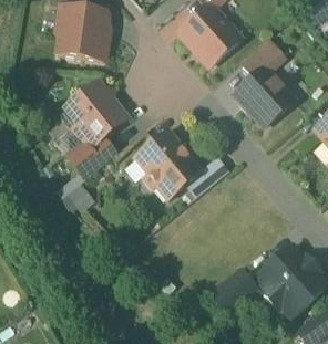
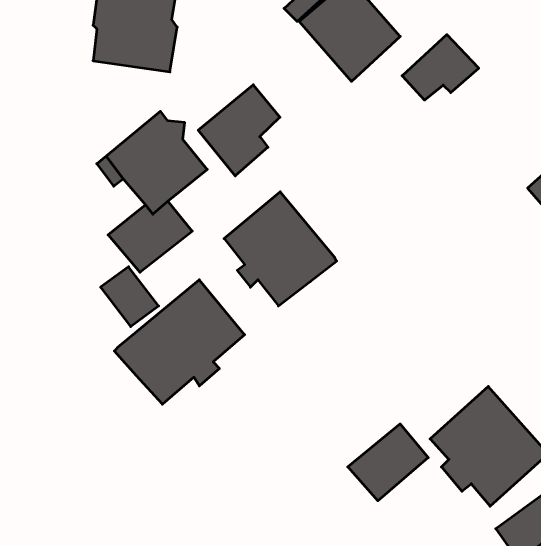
building: none -> [198,85,280,176]
building: [235,67,294,126] -> none
building: [186,157,227,197] -> none
building: none -> [114,280,245,404]

